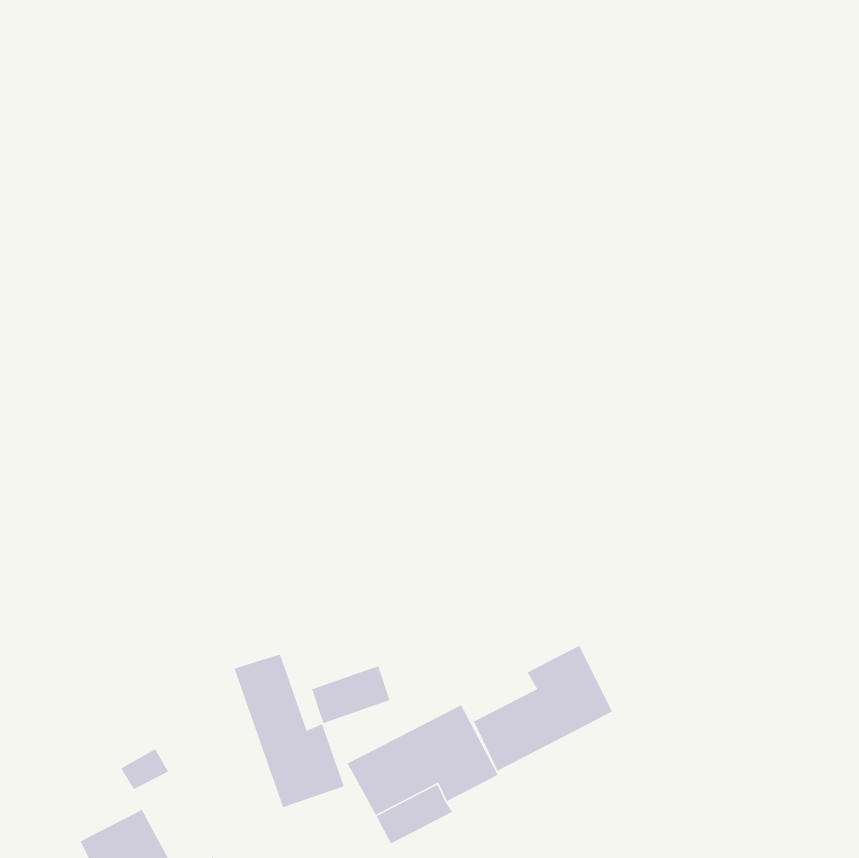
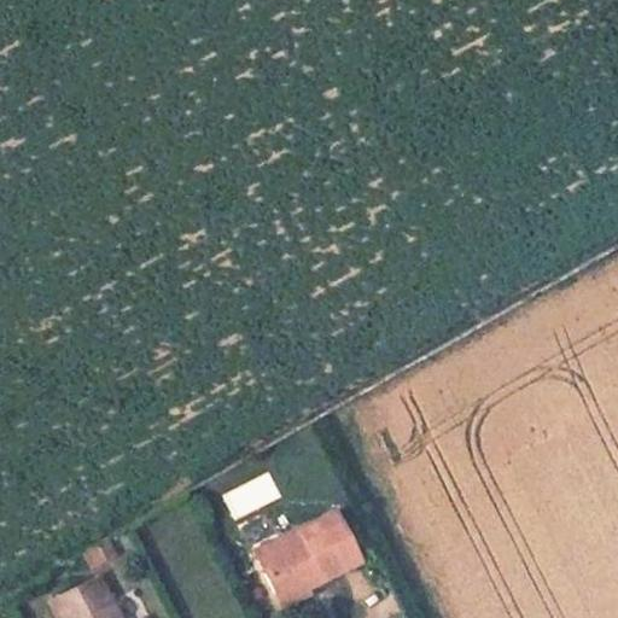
building: [473,645,613,772] -> none
building: [234,654,345,808] -> none

